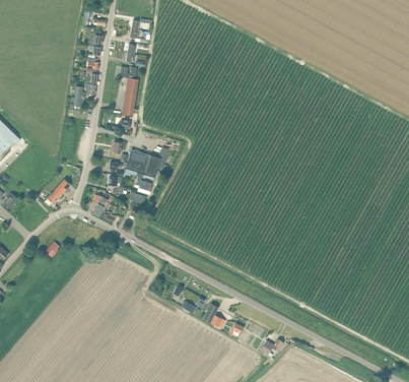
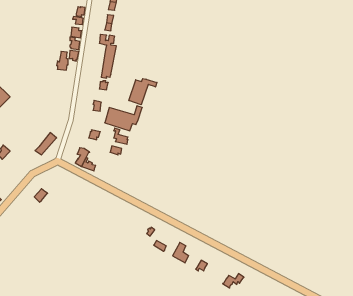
building: none -> [129,79,157,105]

